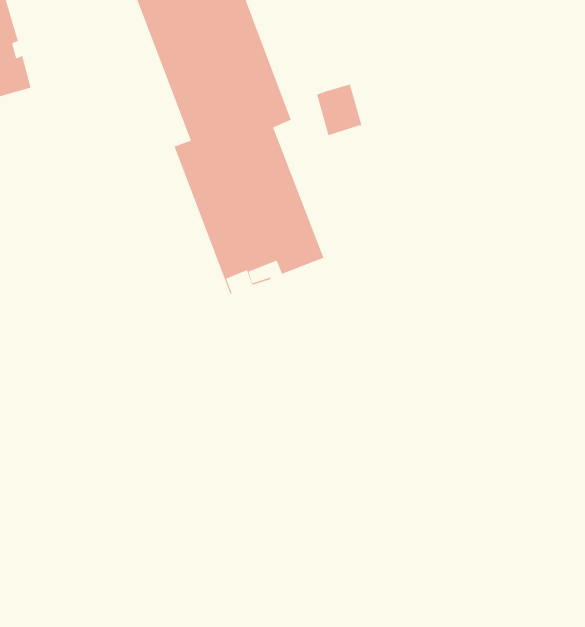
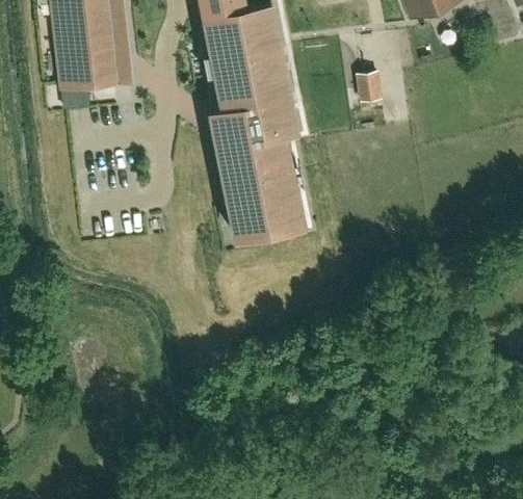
building: [316,84,362,136] -> [356,69,383,101]

